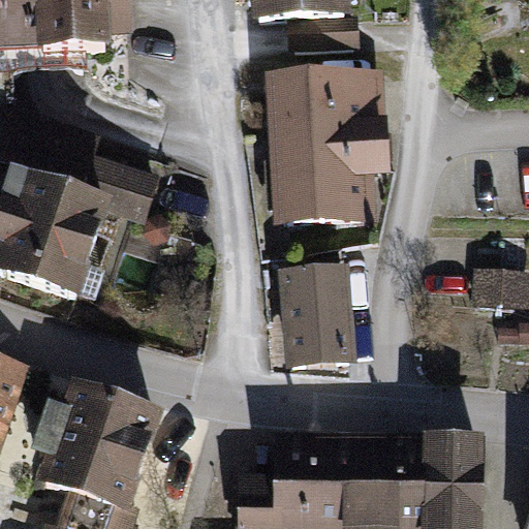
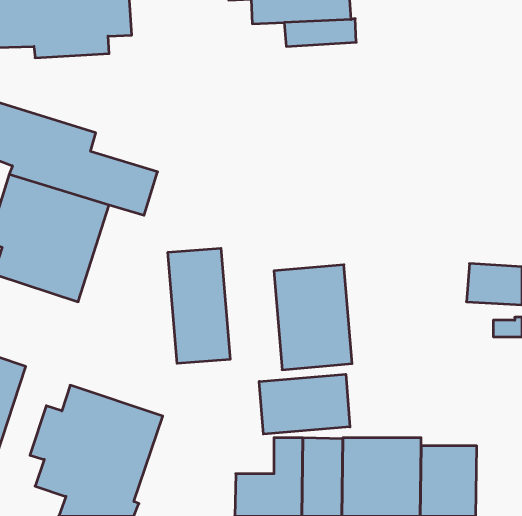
building: [264,68,387,227] -> none
building: none -> [168,248,230,363]
building: none -> [259,374,350,434]

